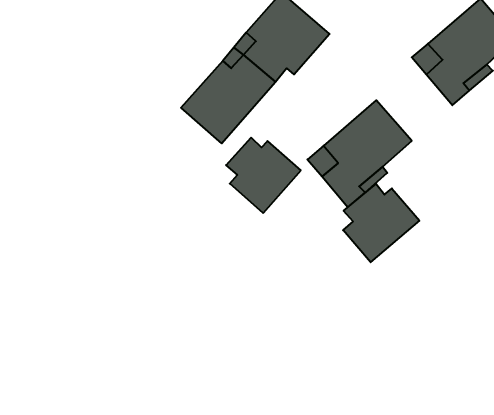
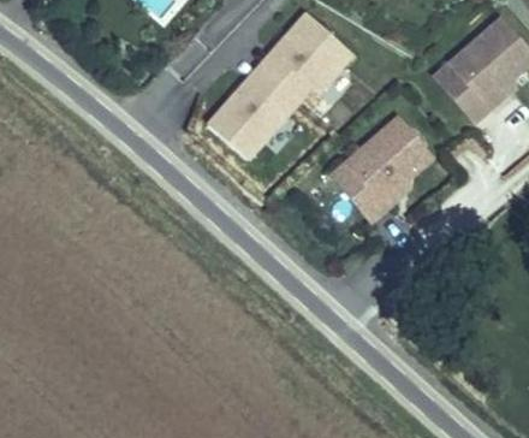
building: [226,138,301,213] -> none
building: [343,184,419,262] -> none

